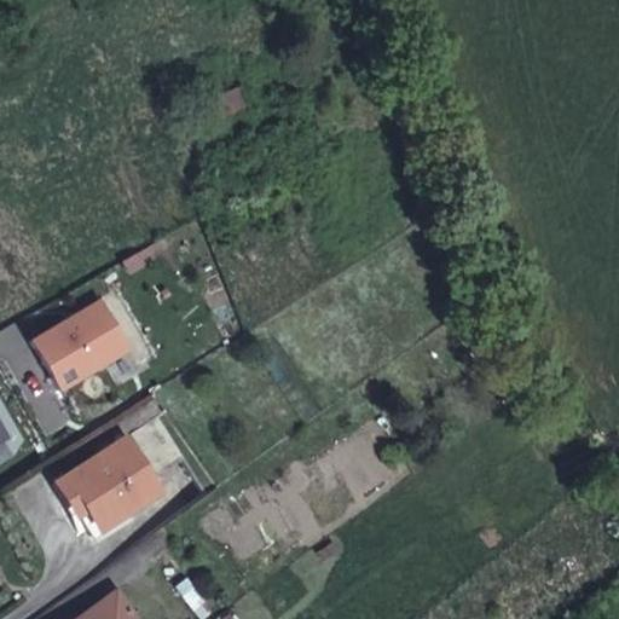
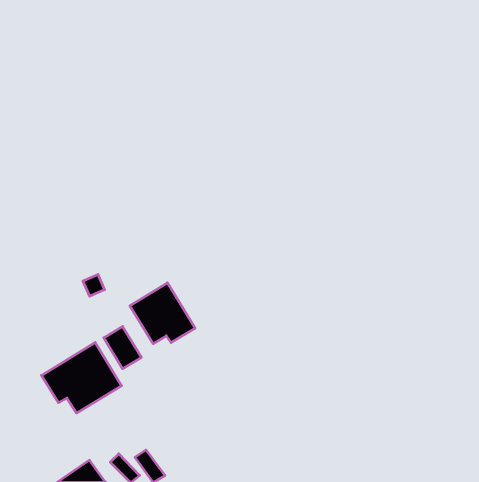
building: [31,300,128,387] -> none
building: none -> [130,283,195,344]

